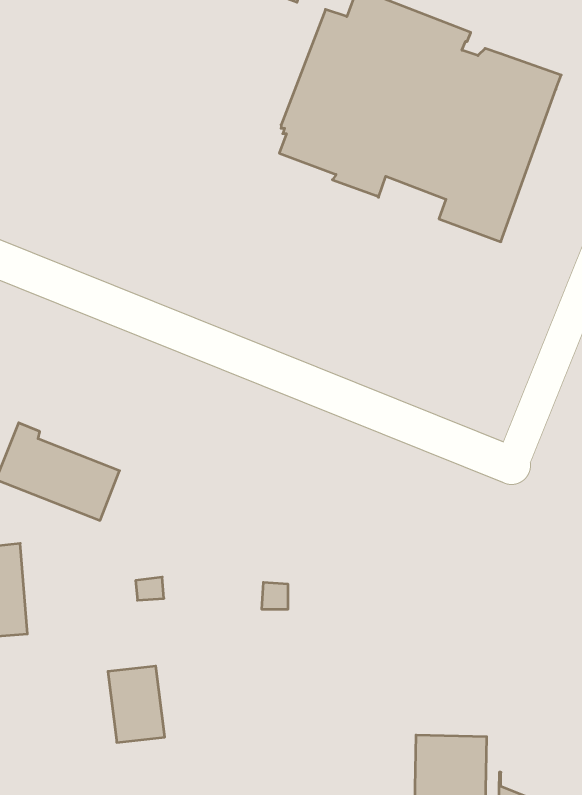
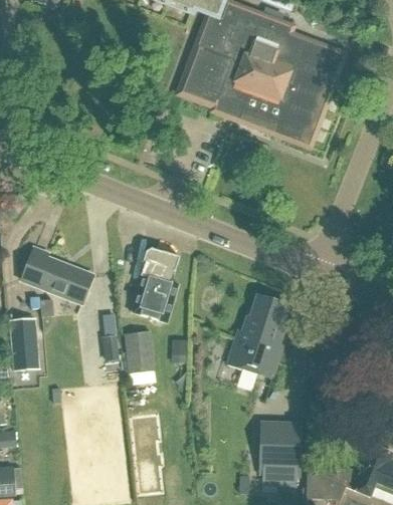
building: none -> [131,249,179,321]
building: none -> [227,295,287,376]
building: [108,666,165,742] -> [122,330,154,373]

